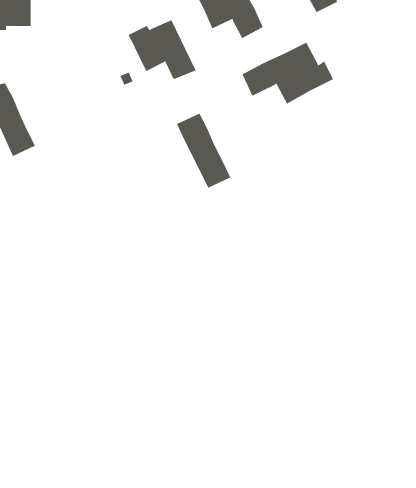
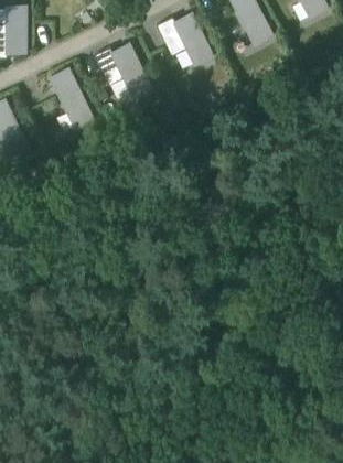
building: [241,42,334,104] -> none
building: [176,113,231,188] -> [51,68,95,129]

